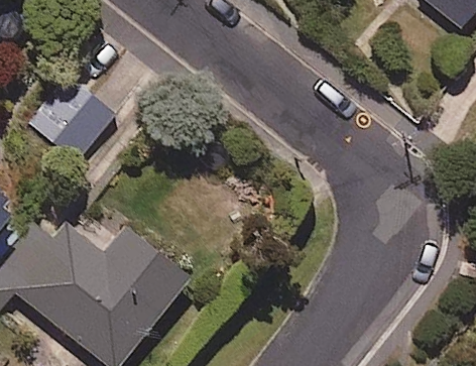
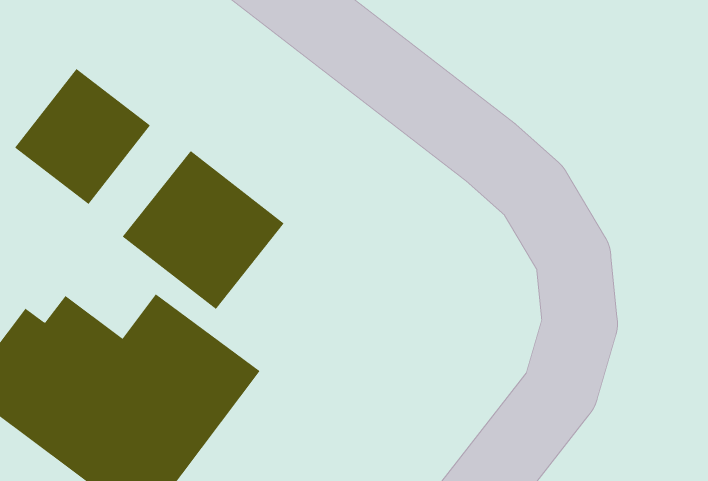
building: none -> [122,150,285,310]

